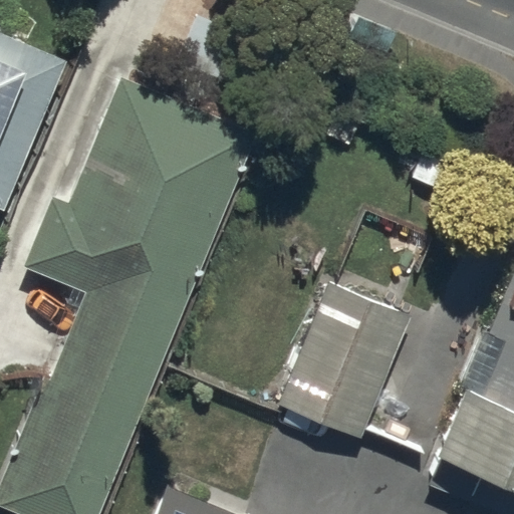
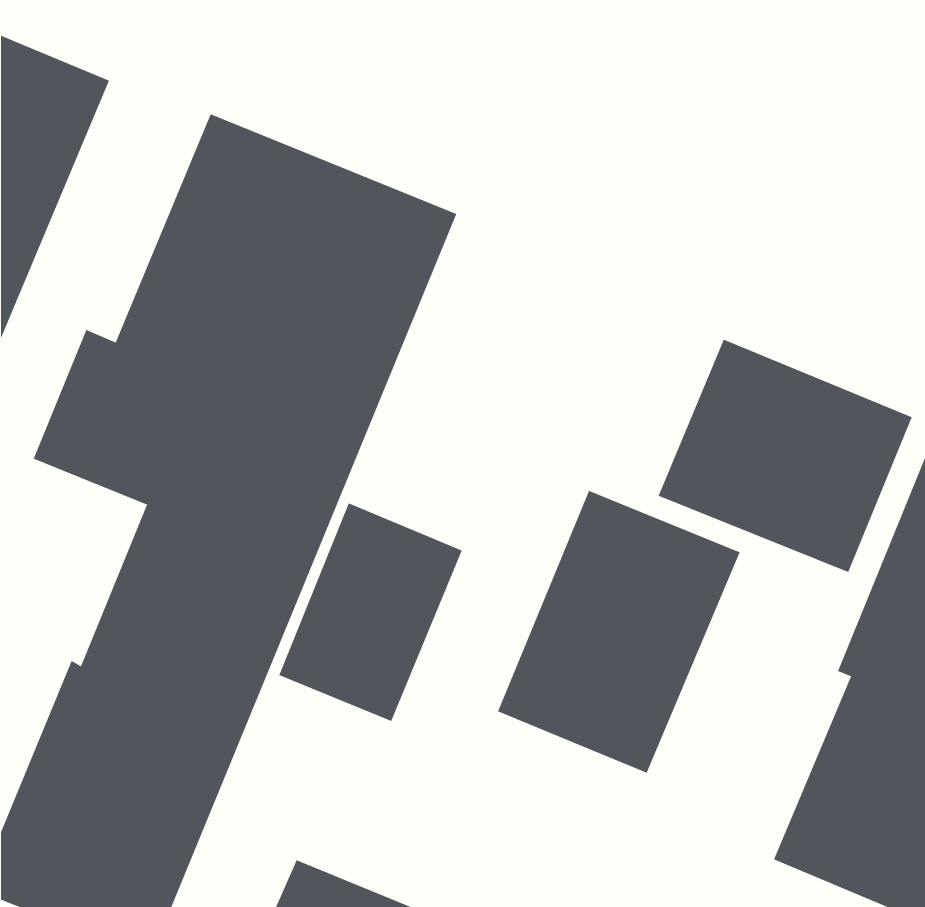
building: none -> [658,339,913,573]
building: none -> [278,503,462,722]

